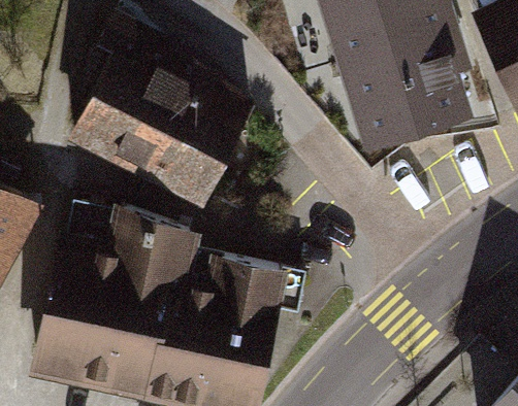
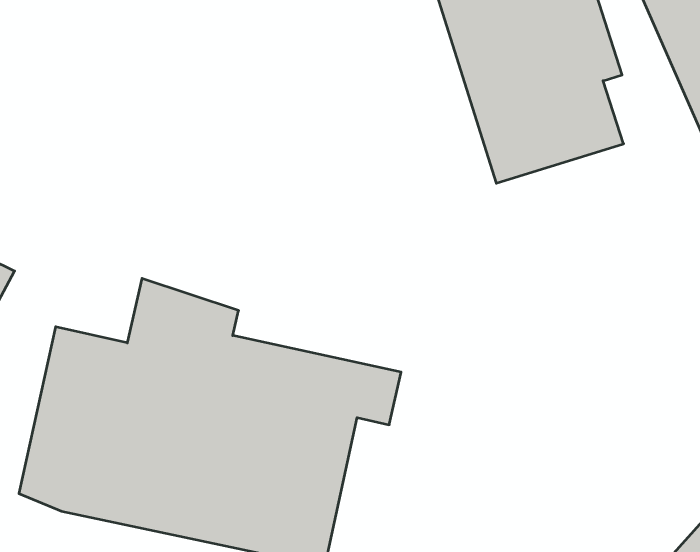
building: [72,49,248,199] -> none

